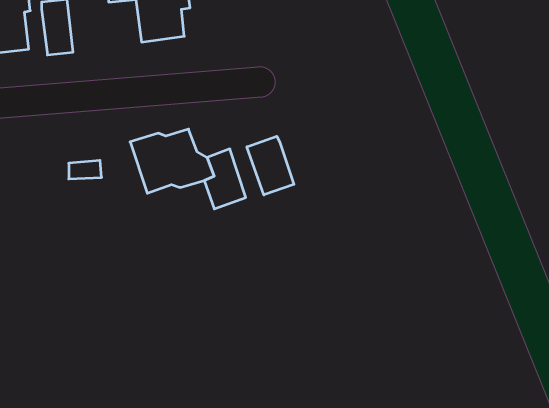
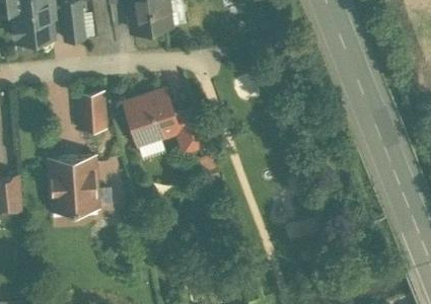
building: none -> [80,92,104,119]
building: [247,136,294,195] -> none
building: none -> [50,156,99,211]

